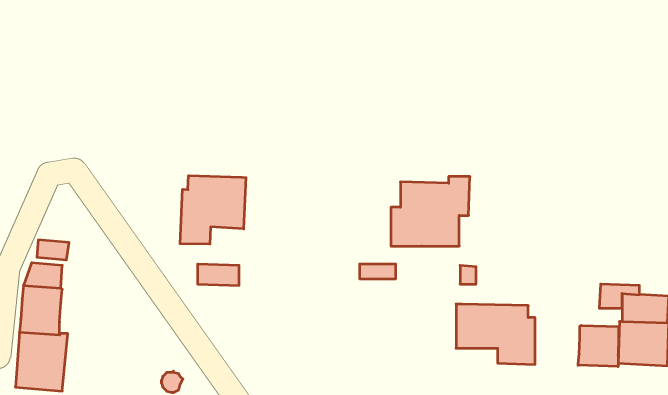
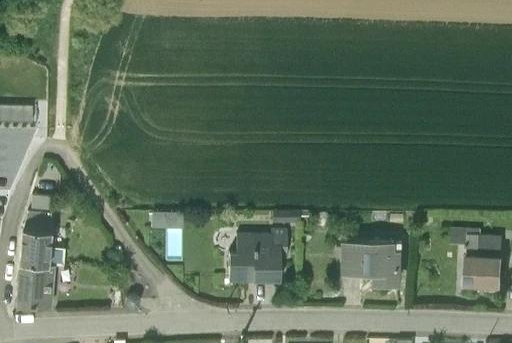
building: [180,176,246,244] -> none
building: [391,177,470,246] -> [227,230,286,282]
building: [578,325,619,367] -> none

